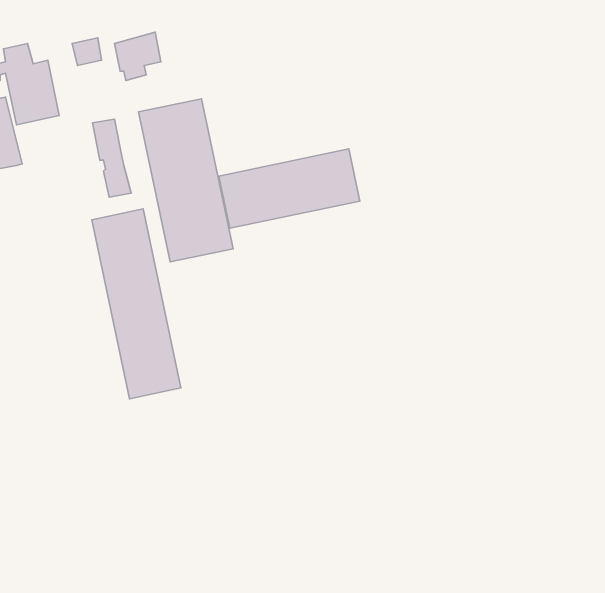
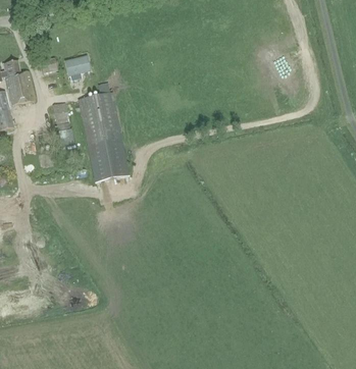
building: [219,149,360,228] -> none
building: [92,209,181,399] -> none

